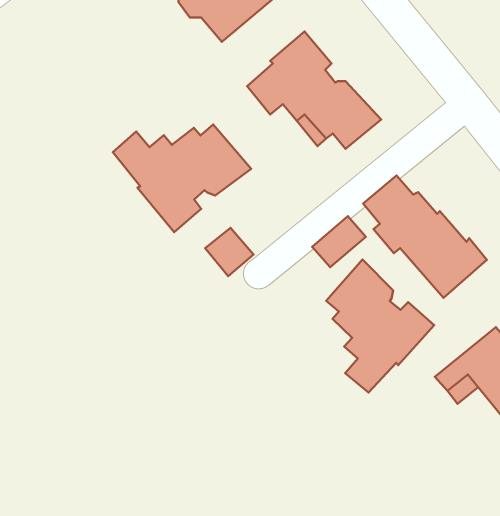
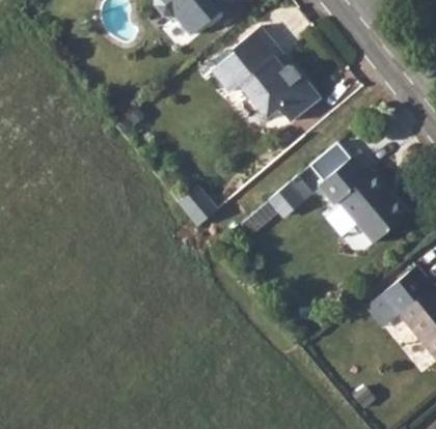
building: [113,124,251,232] -> none
building: [326,259,434,393] -> none

